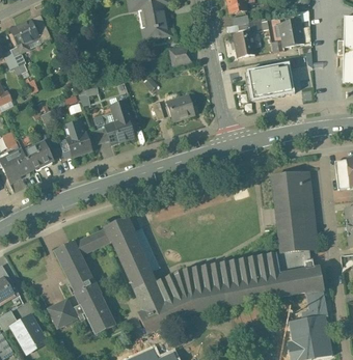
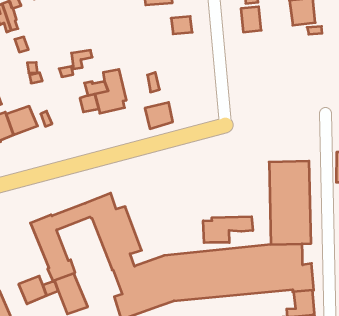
building: [247,62,294,101] -> none
building: [166,94,193,120] -> [145,102,173,129]
building: [64,132,91,157] -> none
building: none -> [203,217,253,243]

